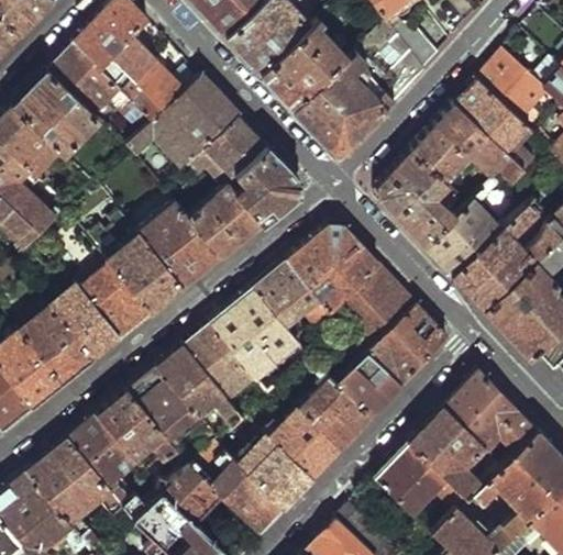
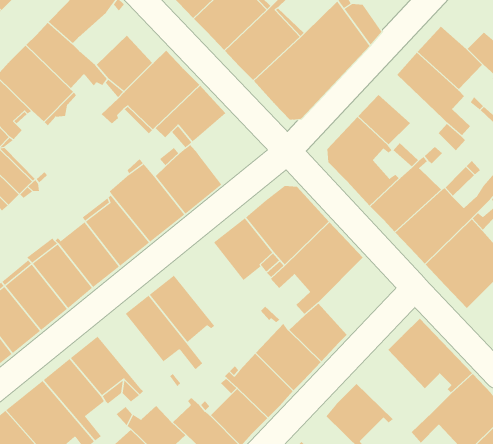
building: [104,36,157,93] -> none
building: [433,104,504,173] -> none
building: [234,146,298,224] -> none
building: [209,288,296,397] -> none
building: [367,304,448,389] -> none
building: [125,366,197,448] -> none
building: [409,406,492,498] -> none

